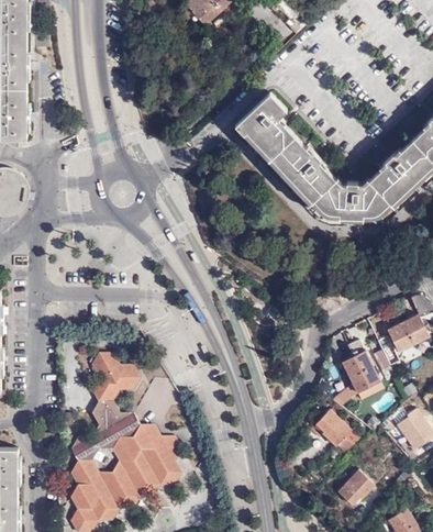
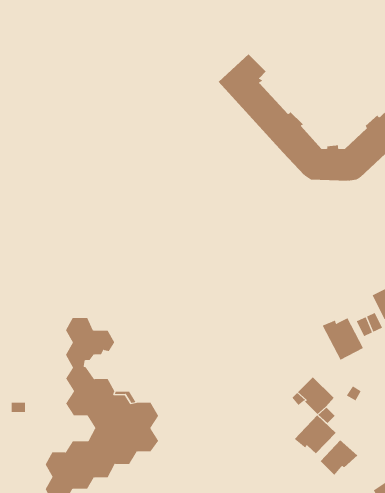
building: [69,435,98,483] -> none
building: none -> [294,415,336,454]

